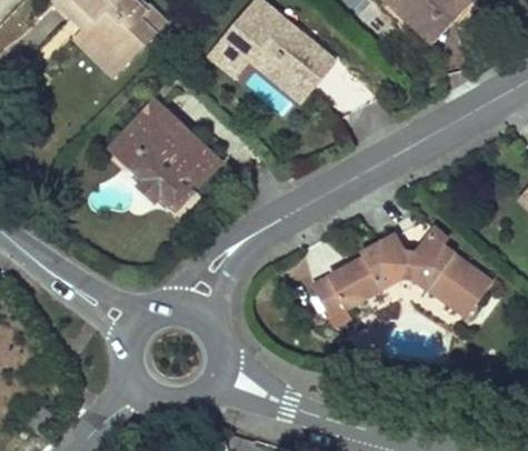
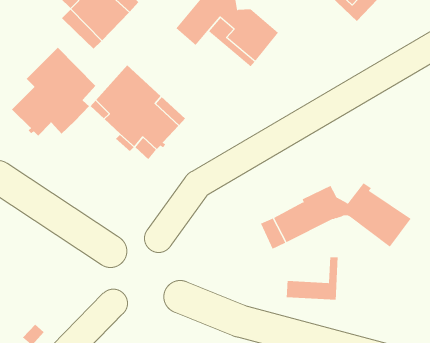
building: none -> [11,47,96,136]
building: none -> [286,256,338,301]

